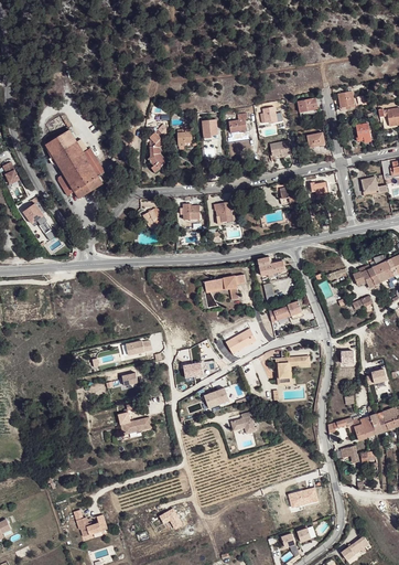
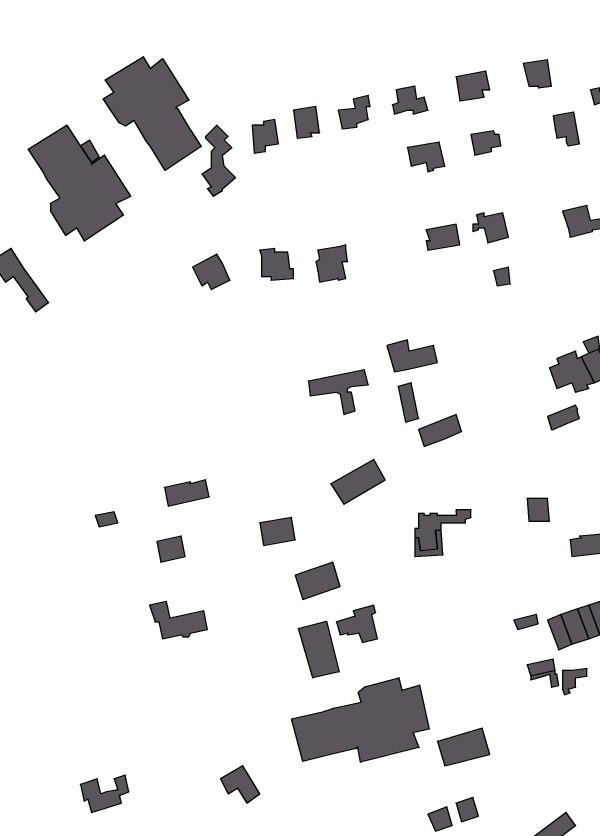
building: none -> [103,57,201,170]
building: none -> [299,621,339,678]
building: none -> [292,678,429,762]

